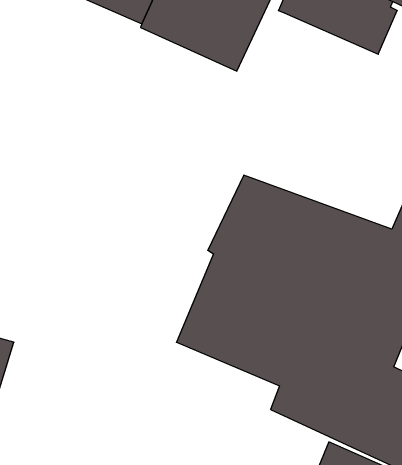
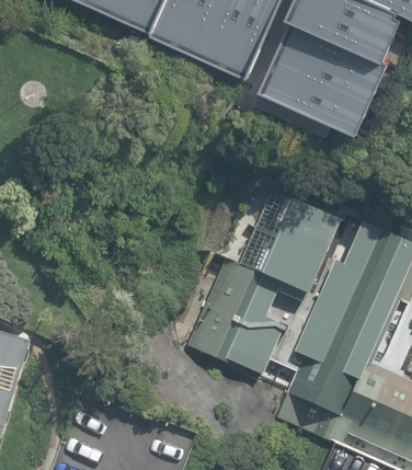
building: none -> [262,23,389,137]

